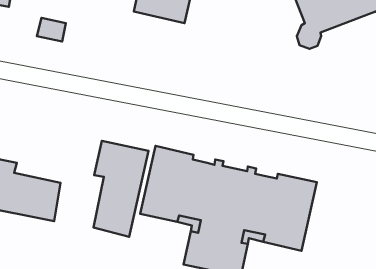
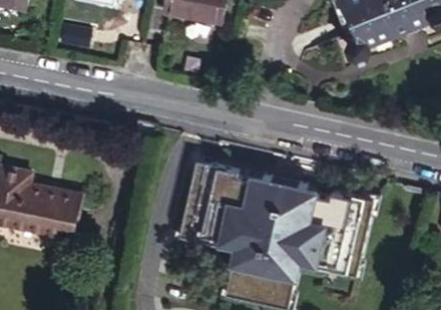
building: [93,141,149,237] -> none

